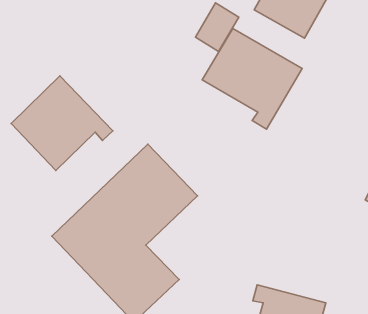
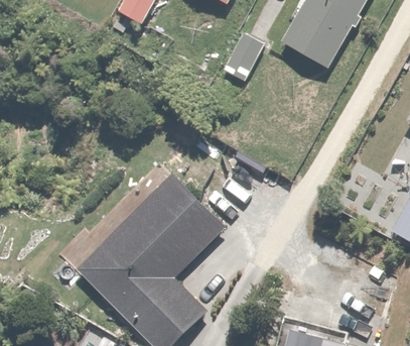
building: [202,28,302,129] -> none
building: [11,76,113,171] -> none

